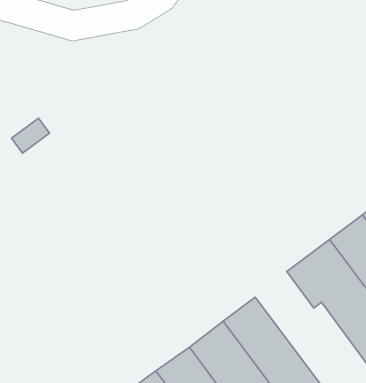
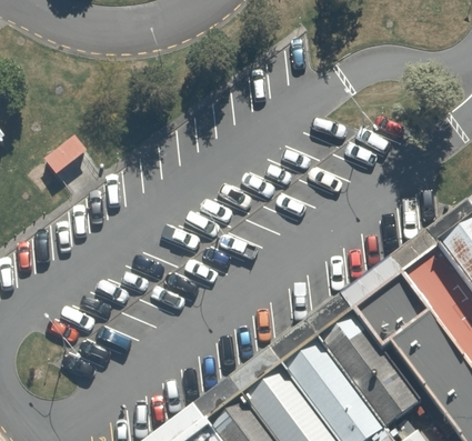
building: none -> [315,308,422,428]

